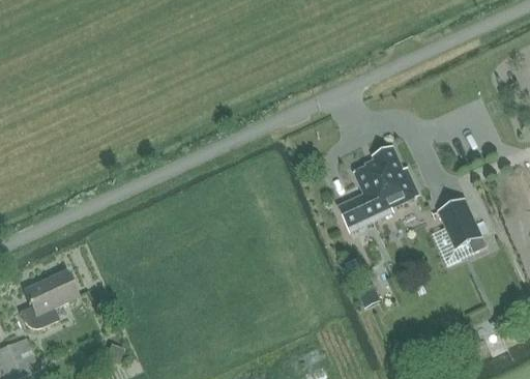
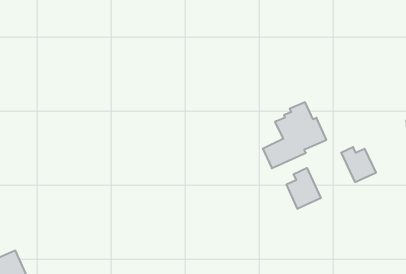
building: none -> [287,168,321,209]
building: [20,270,78,330] -> none

